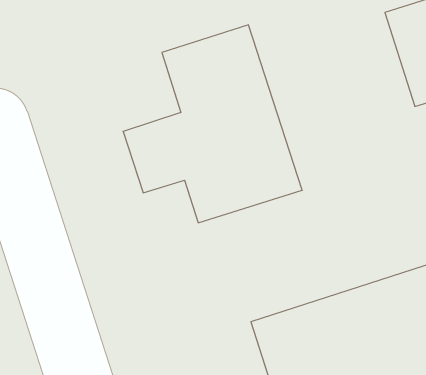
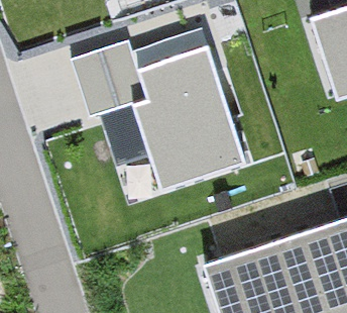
building: none -> [72,39,148,117]

